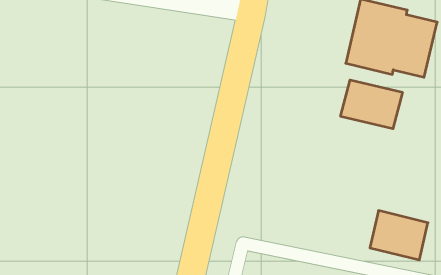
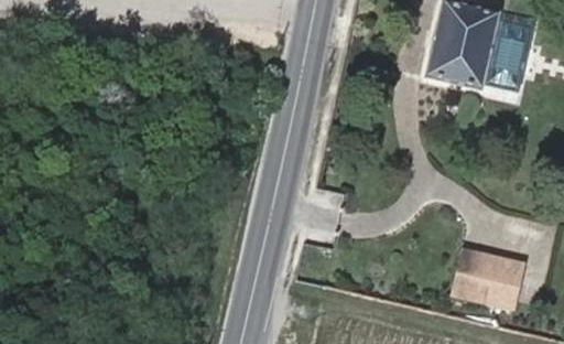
building: [341,80,402,129] -> none

